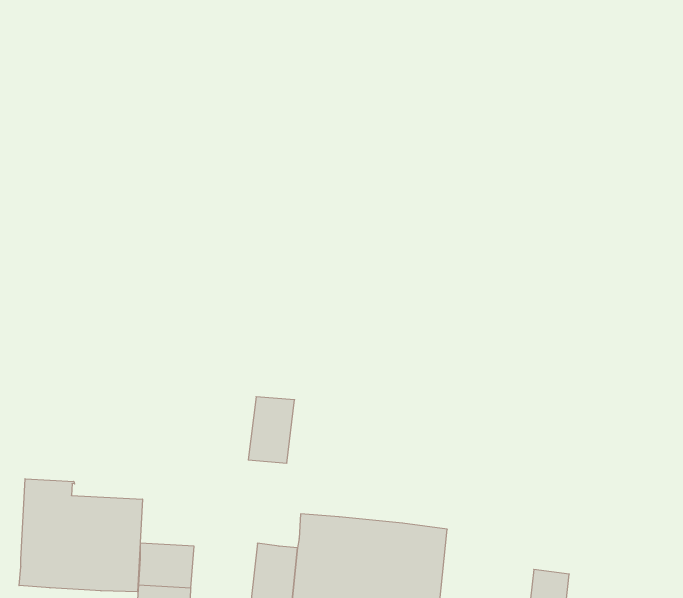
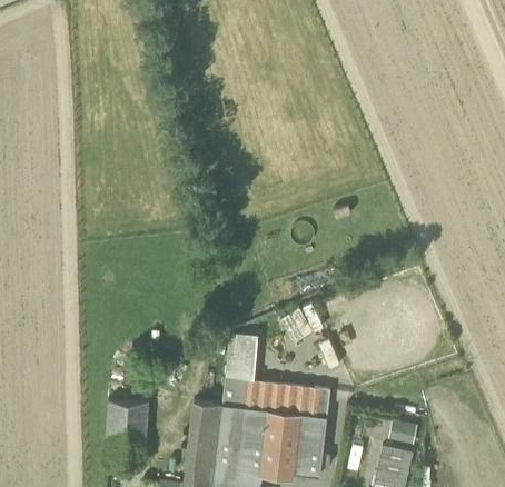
building: [248,397,295,463] -> [224,334,257,381]
building: [19,479,142,592] -> none

